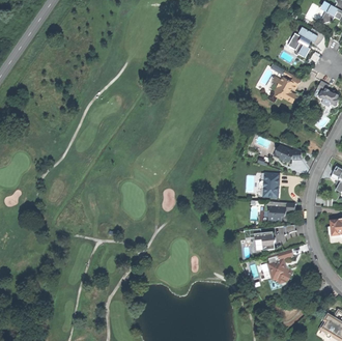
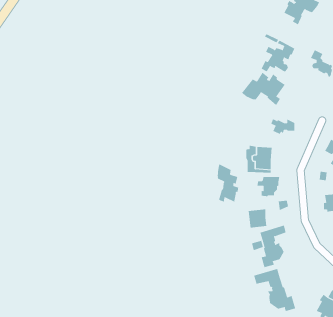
building: none -> [241,72,286,107]
building: none -> [217,163,239,202]
building: none -> [253,268,296,312]

